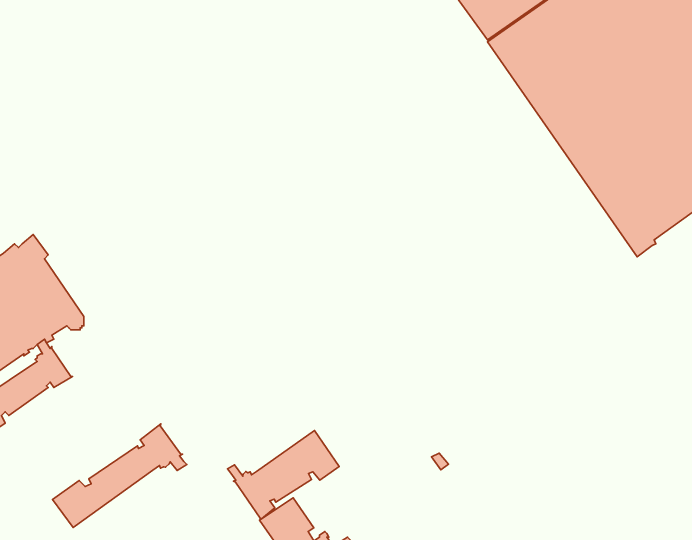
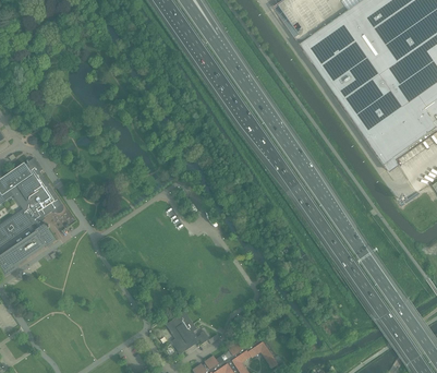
building: [53,424,187,528] -> none
building: [228,431,339,520] -> none

